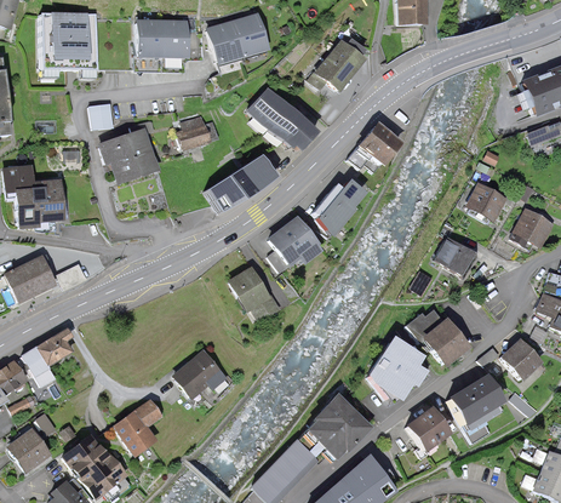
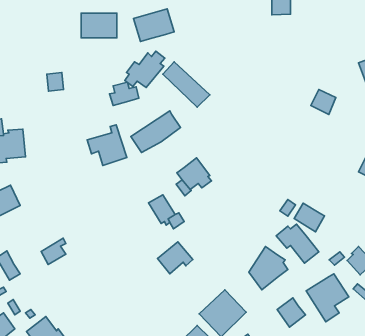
building: [41,12,97,78] -> none
building: [309,39,363,88] -> [125,51,165,87]
building: [101,122,155,178] -> [87,125,127,166]
building: [349,124,399,170] -> none
building: [313,181,361,236] -> none
building: [471,190,505,224] -> [311,90,336,114]
building: [435,238,476,276] -> [294,203,324,232]
building: [38,327,71,364] -> [41,238,66,265]
building: [176,351,224,395] -> [157,242,193,274]
building: [115,400,160,451] -> none

